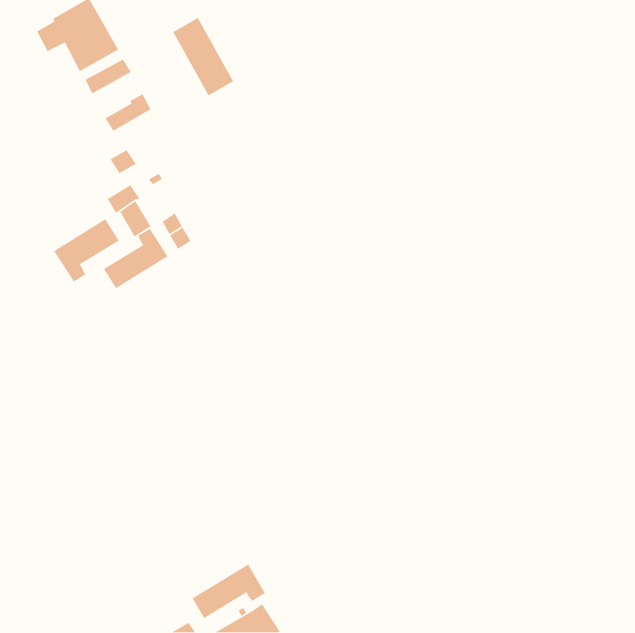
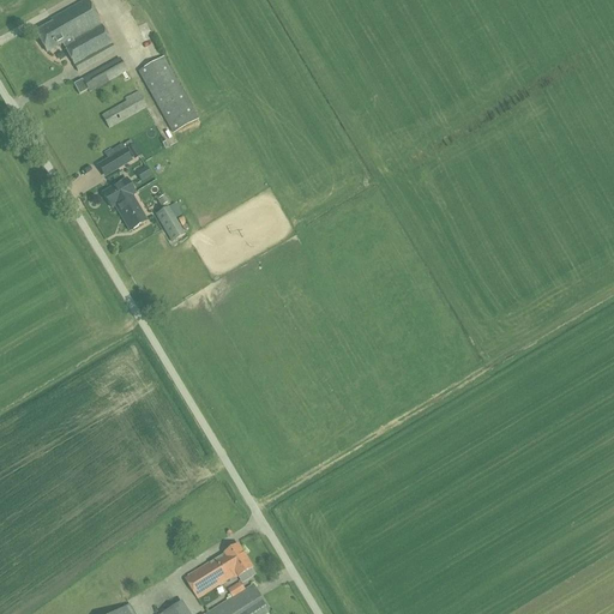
building: [172,17,234,96] -> [138,55,198,132]
building: [53,218,120,283] -> none
building: [103,228,169,289] -> none

